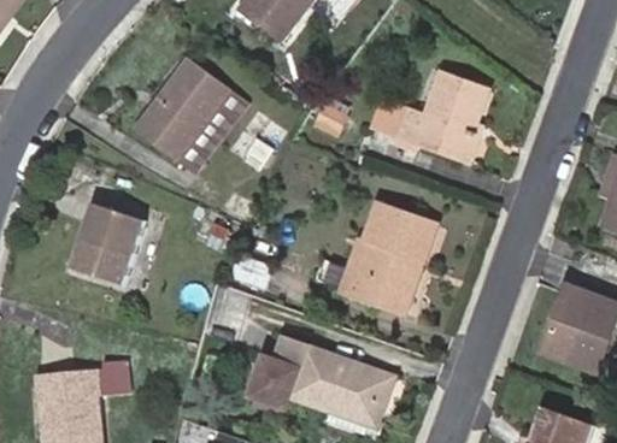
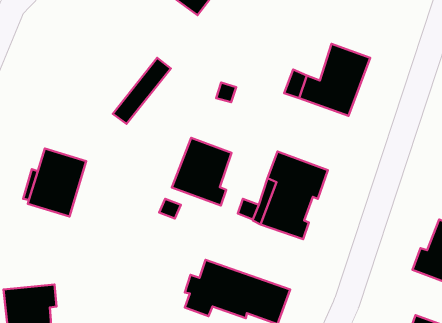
building: [134,58,229,159] -> none
building: none -> [172,138,232,205]

